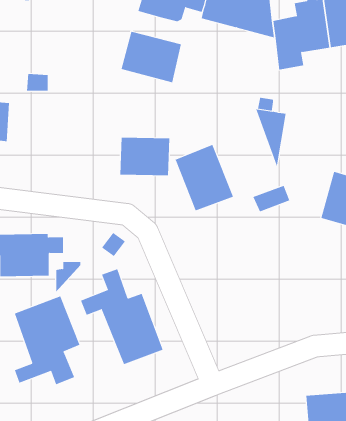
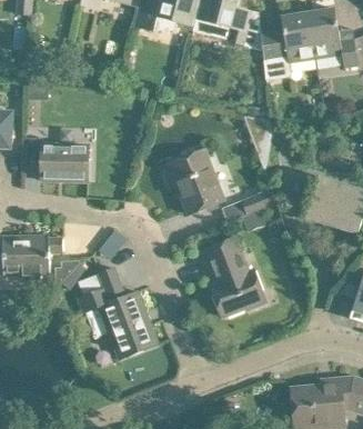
building: [121,25,182,83] -> none
building: [120,137,170,176] -> [40,144,88,181]
building: none -> [203,238,263,317]
building: [14,296,80,385] -> none

